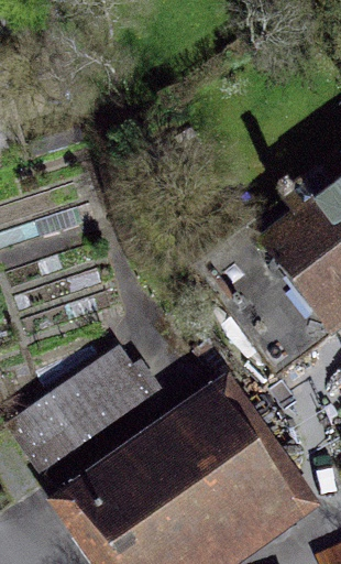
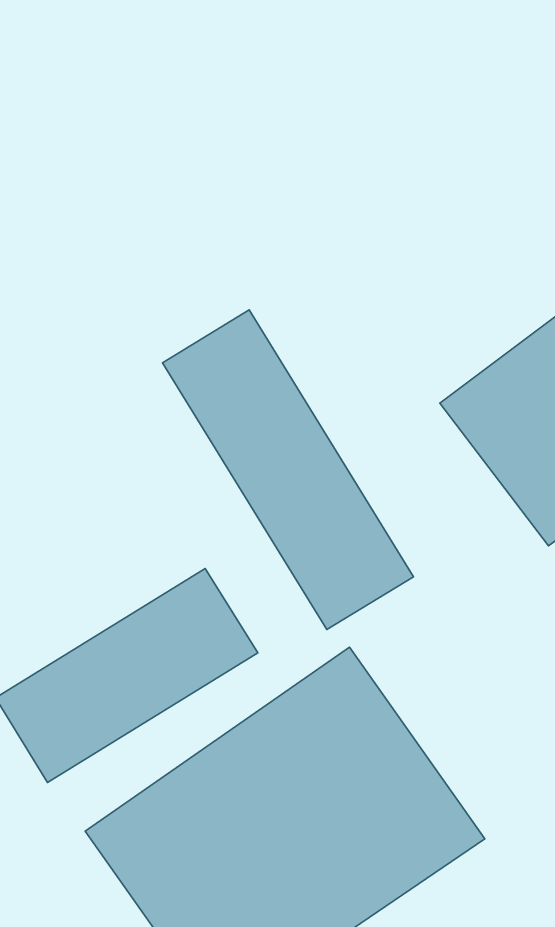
building: none -> [163,310,414,630]

